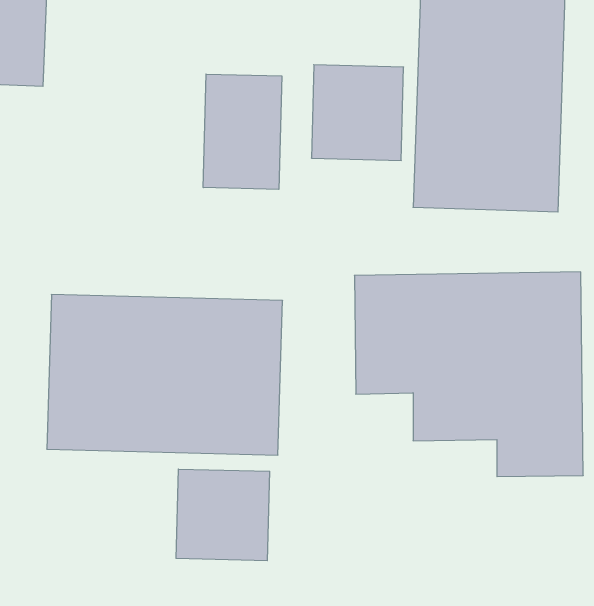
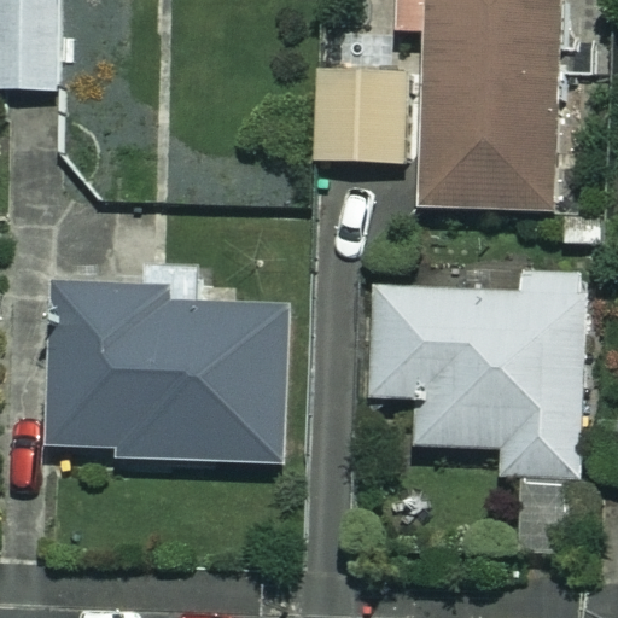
building: [203,74,282,189] -> none
building: [176,469,270,561] -> none

